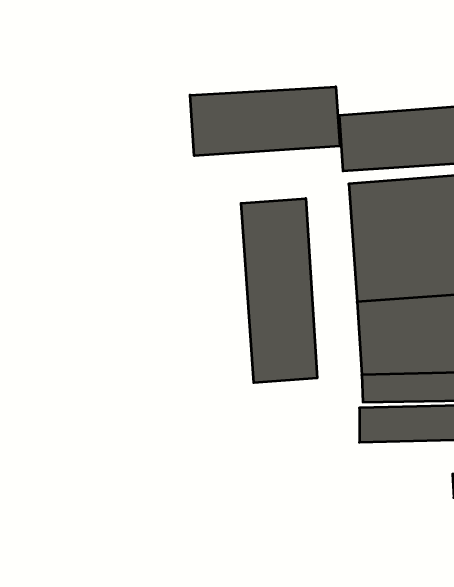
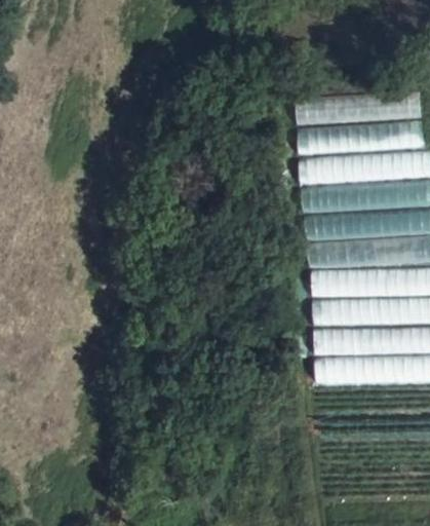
building: [190,87,340,156] -> none
building: [241,198,317,383] -> none

